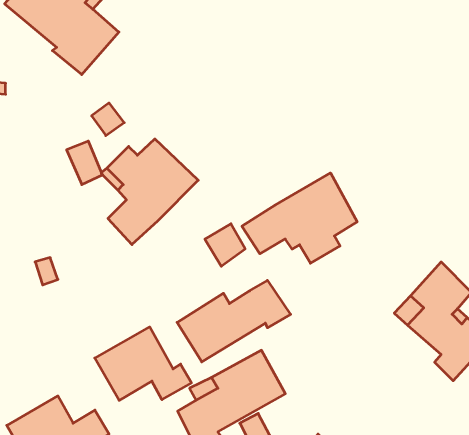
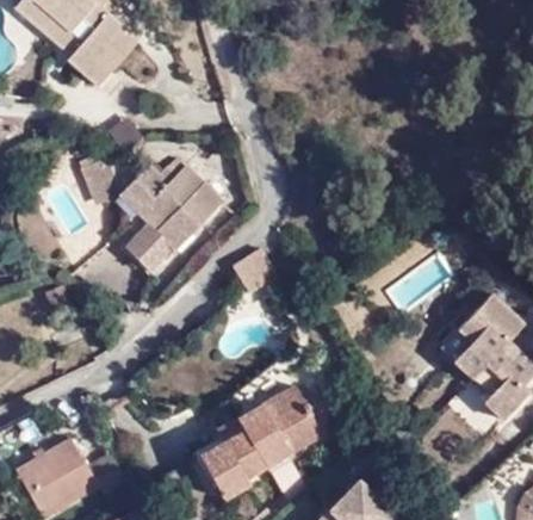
building: [242,173,357,263] -> none
building: [177,280,291,362] -> none
building: [95,327,191,400] -> none

